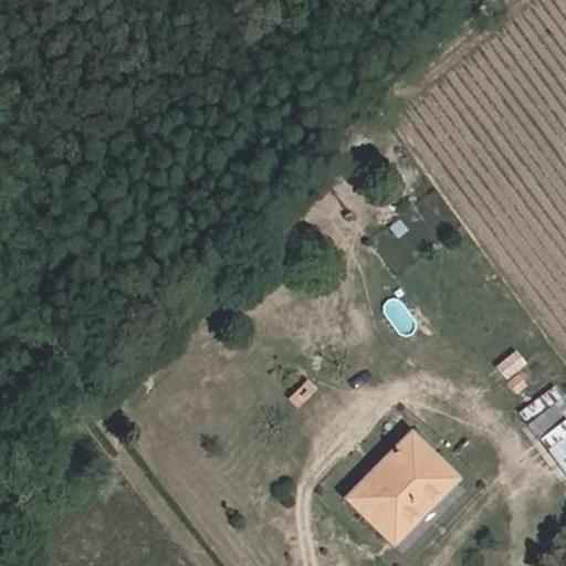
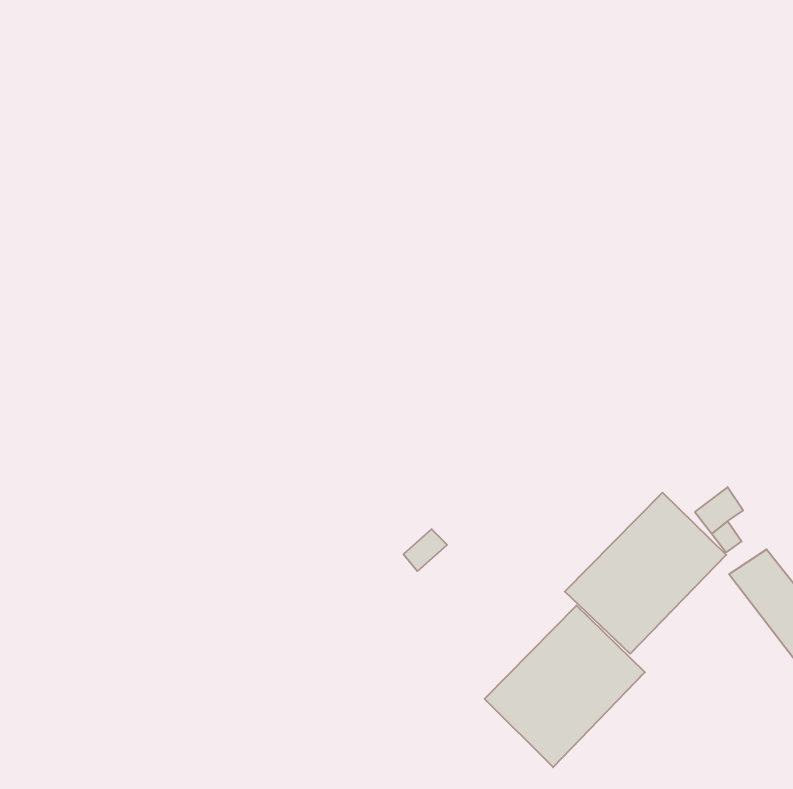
building: none -> [565,493,726,654]

